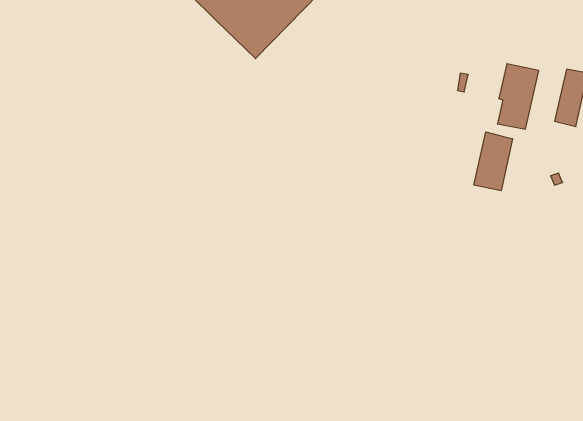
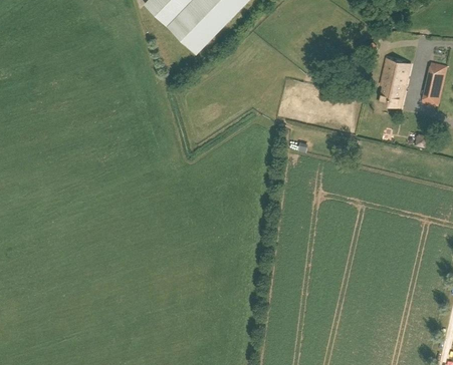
building: [474,132,513,191] -> none

